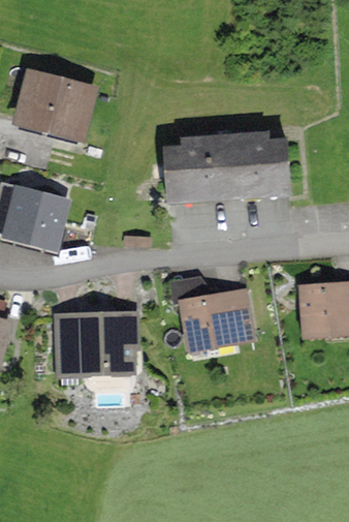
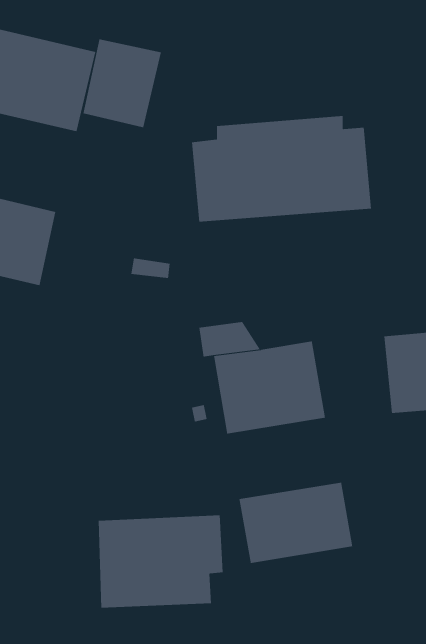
building: none -> [83,38,161,128]
building: [54,308,141,373] -> [98,515,224,608]
building: none -> [239,482,353,564]

